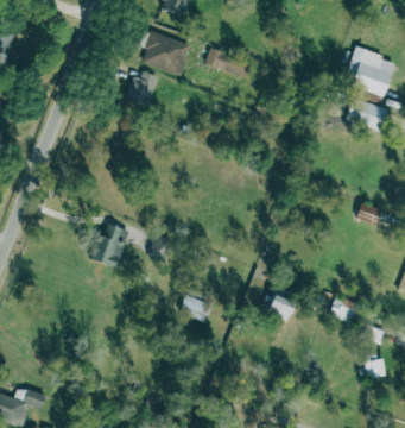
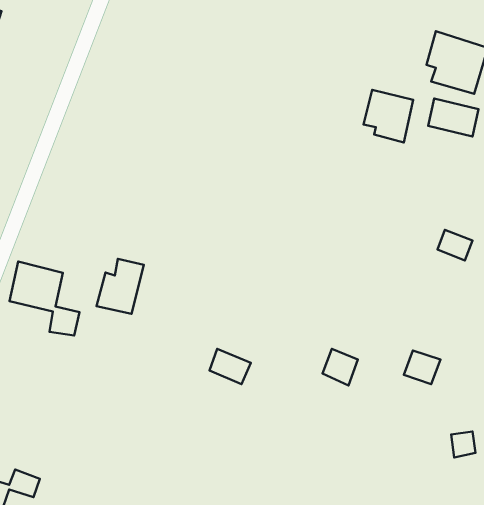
building: [145,31,249,77] -> none
building: [125,70,163,109] -> none
building: none -> [363,90,413,143]
building: none -> [10,262,80,336]

